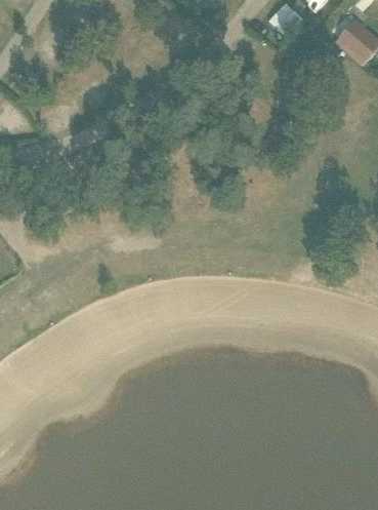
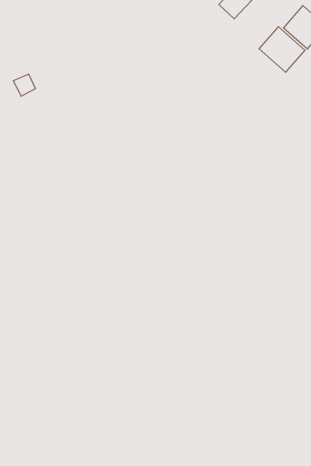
building: none -> [259,27,305,72]

